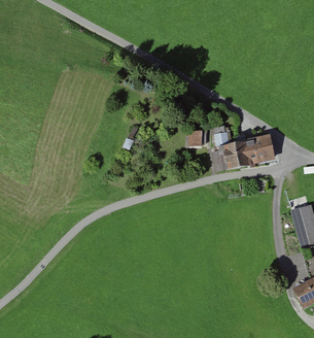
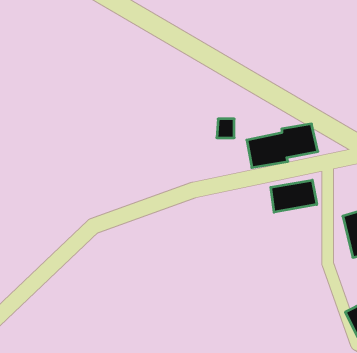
building: none -> [271,180,317,212]

